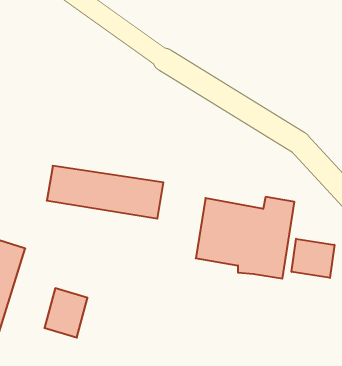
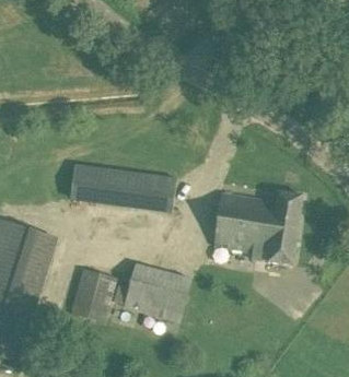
building: [292,239,334,278] -> none
building: none -> [114,262,193,322]

